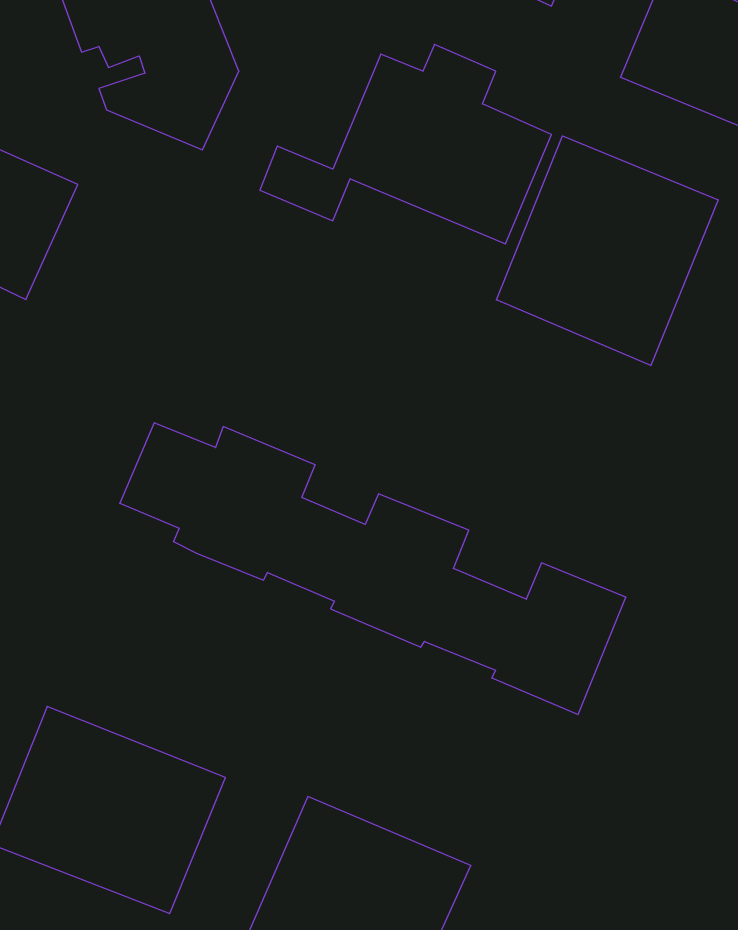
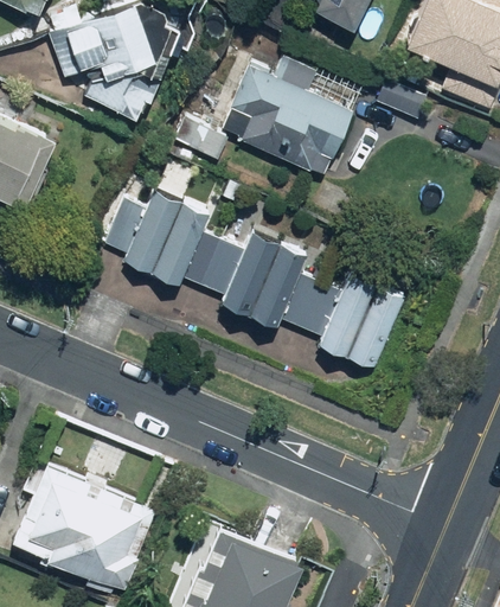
building: [496,136,718,366] -> none
building: [120,423,626,714] -> [91,186,404,366]

